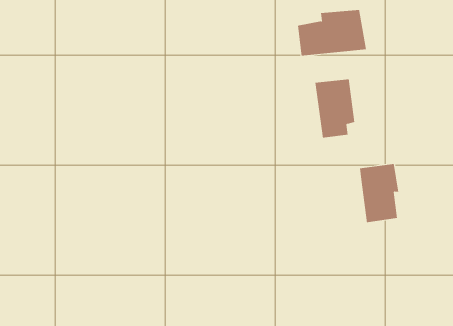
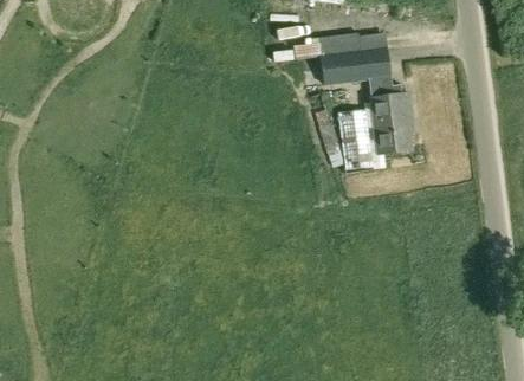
building: [359,164,399,223] -> [373,91,414,153]

